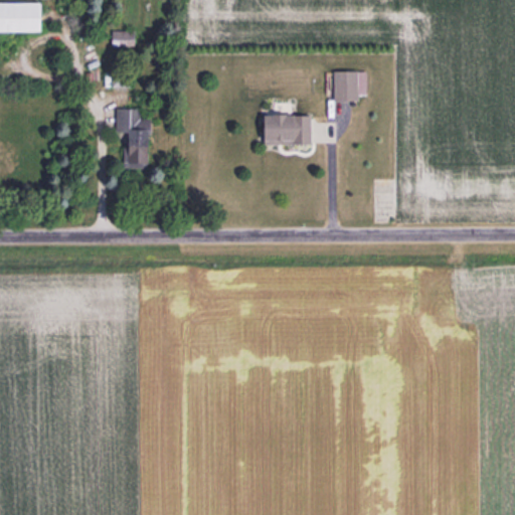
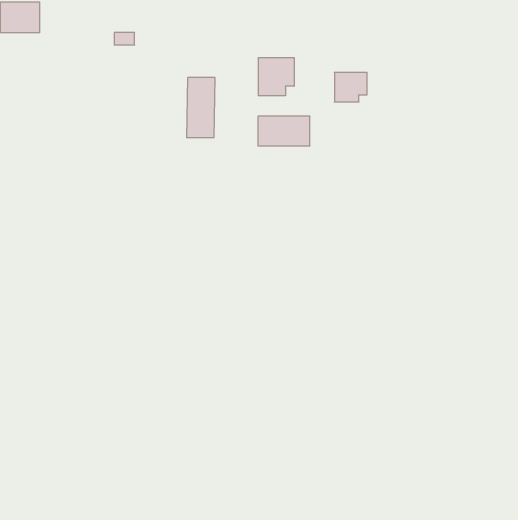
building: none -> [258,58,294,96]
building: [121,110,149,169] -> [187,78,215,138]

